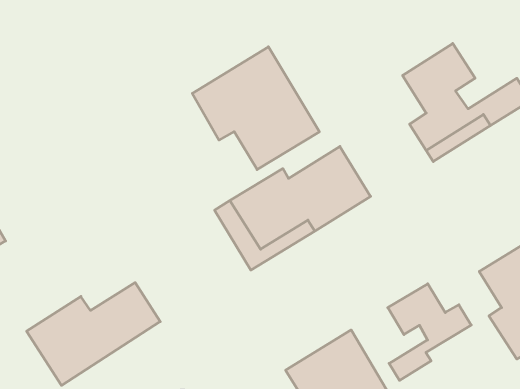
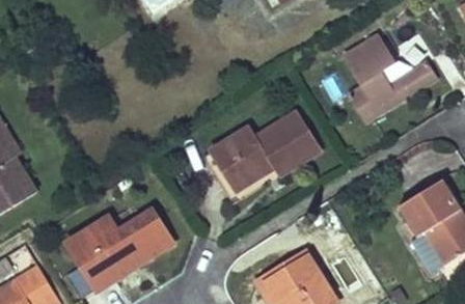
building: [192,47,319,170] -> none
building: [388,284,471,380] -> none

